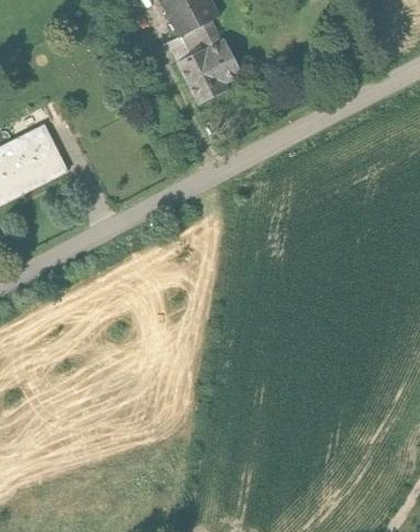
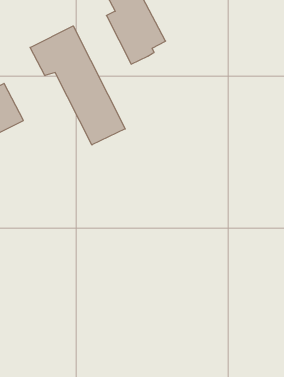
building: none -> [30,26,125,145]

